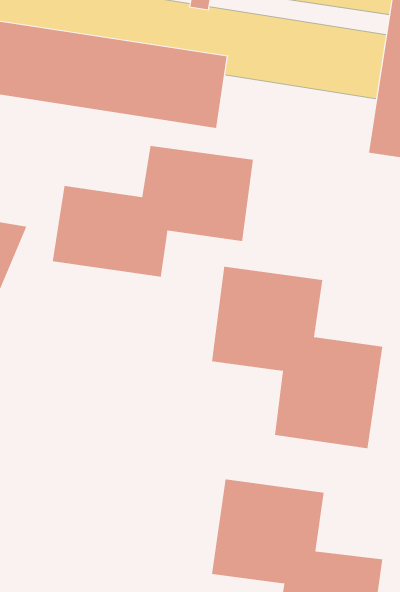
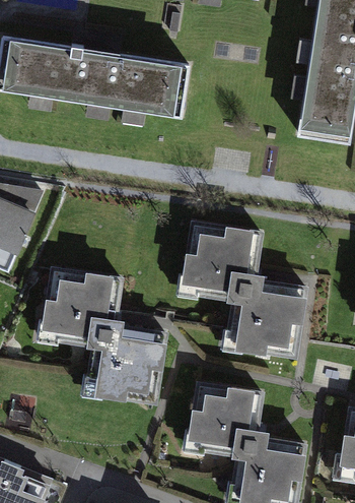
building: [52,145,254,277] -> none
building: none -> [40,267,167,404]

